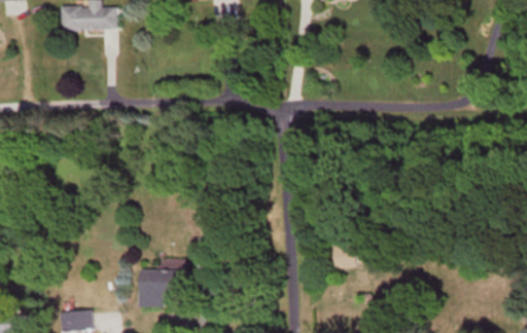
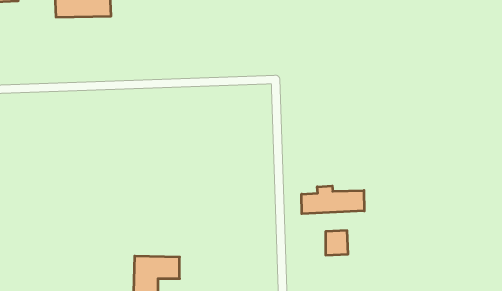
building: none -> [302,186,364,214]

